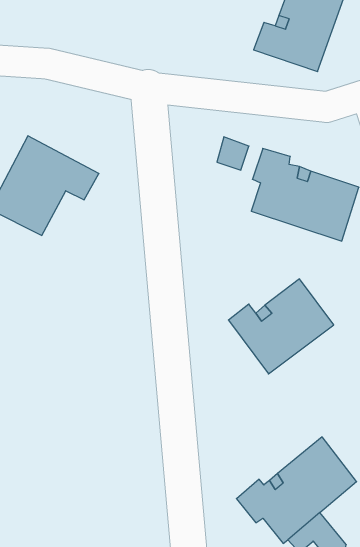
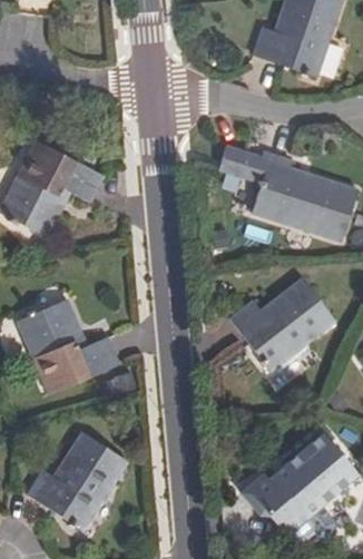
building: none -> [18,297,120,394]
building: none -> [26,430,127,529]

